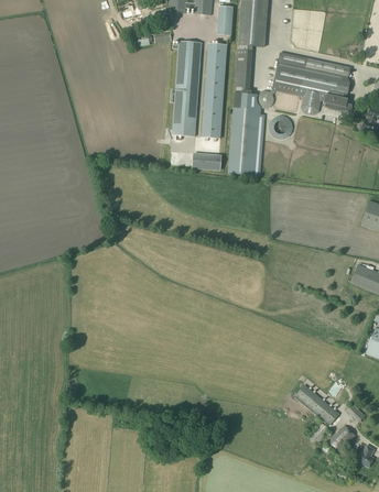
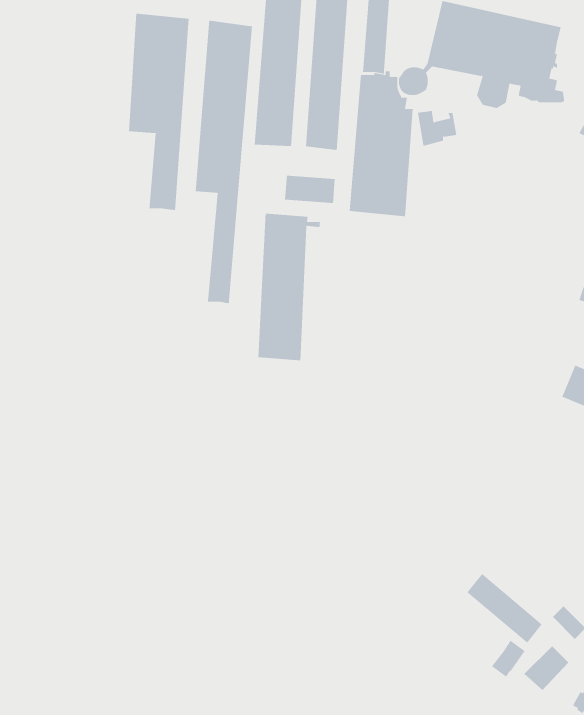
building: none -> [128,13,189,211]
building: none -> [195,20,252,304]
building: none -> [258,213,321,361]

